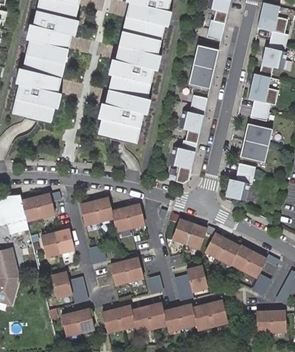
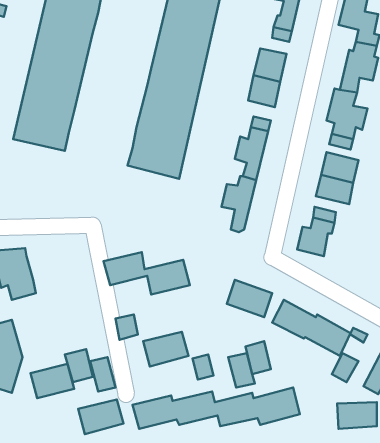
building: [22,192,61,219] -> none
building: [41,229,74,255] -> [30,364,74,398]

